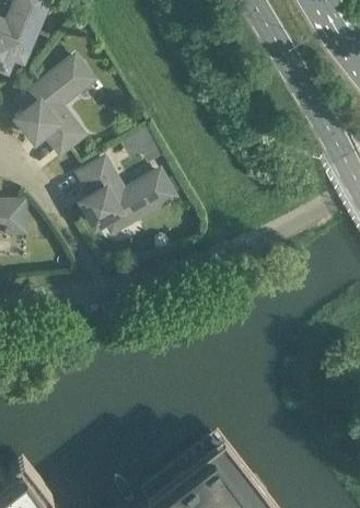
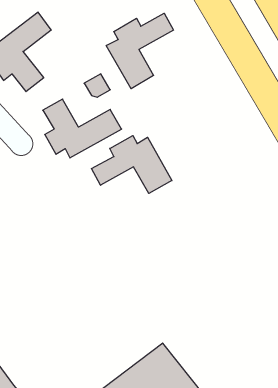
building: none -> [106,13,173,89]
building: none -> [91,136,172,193]

